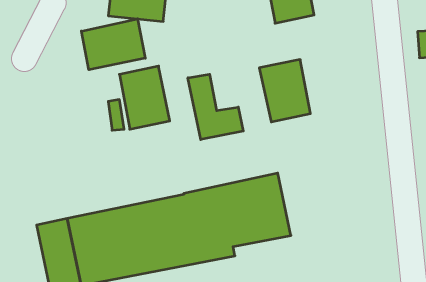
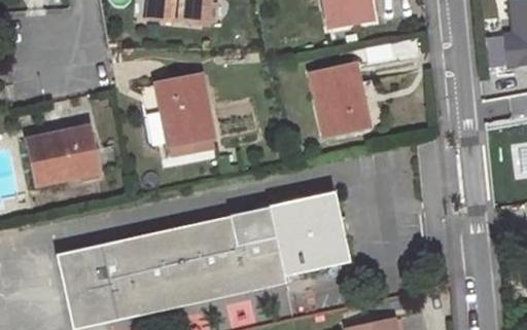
building: [81,19,145,70] -> none
building: [188,74,243,140] -> none
building: none -> [30,125,101,183]

